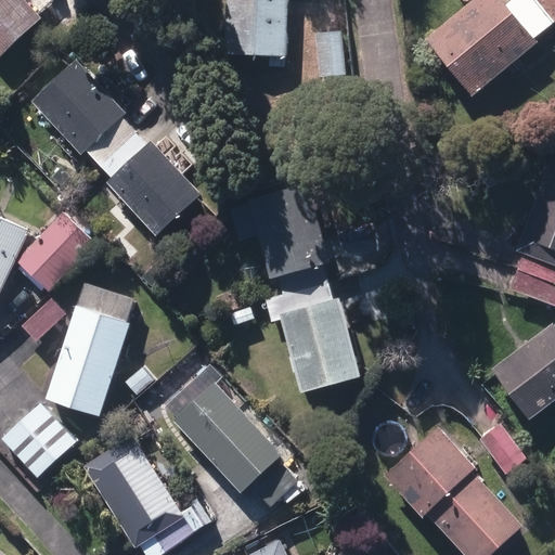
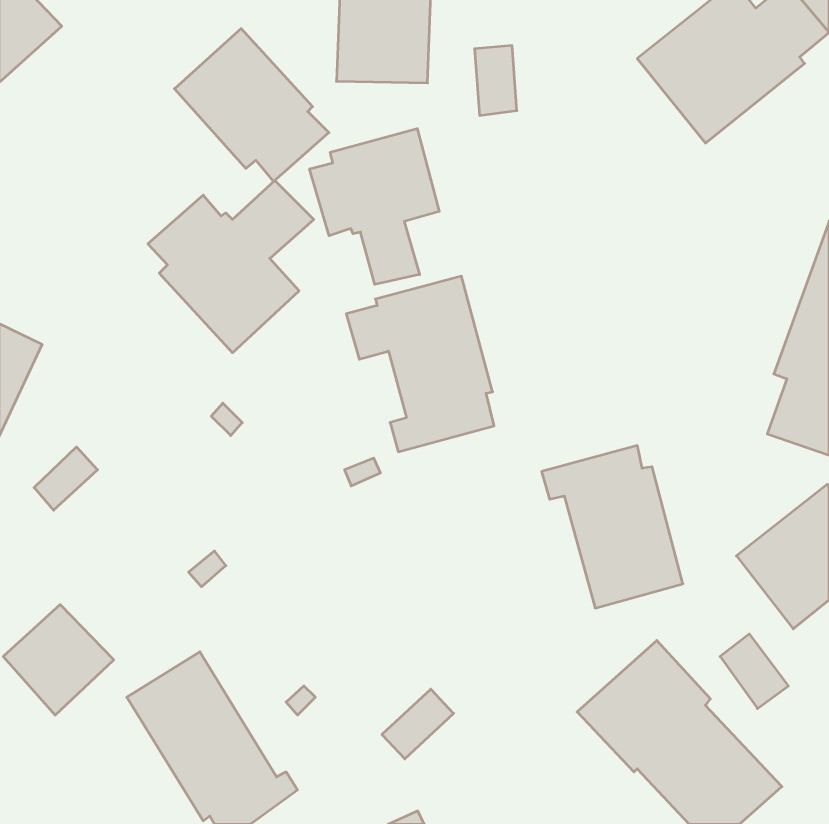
building: [33,61,135,163] -> [174,29,329,181]
building: none -> [310,129,439,284]
building: [18,212,95,291] -> none
building: [47,283,133,416] -> none
building: [266,284,360,392] -> [542,446,683,608]
building: [167,363,282,492] -> none

